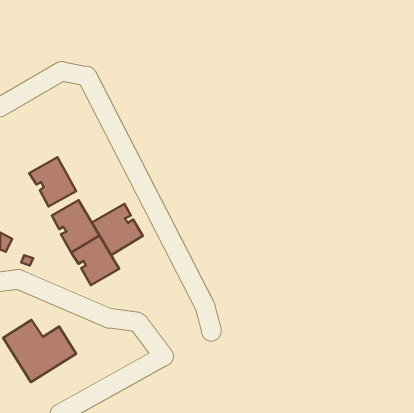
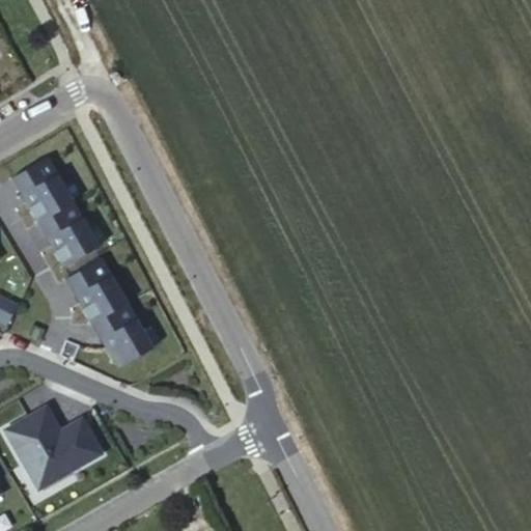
building: none -> [11,158,74,223]
building: [92,204,143,255] -> none

